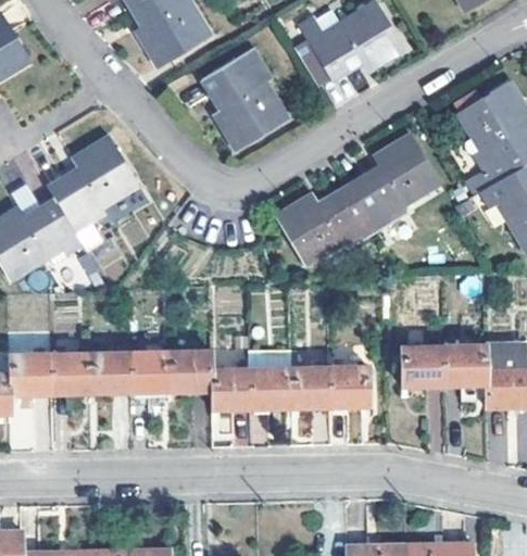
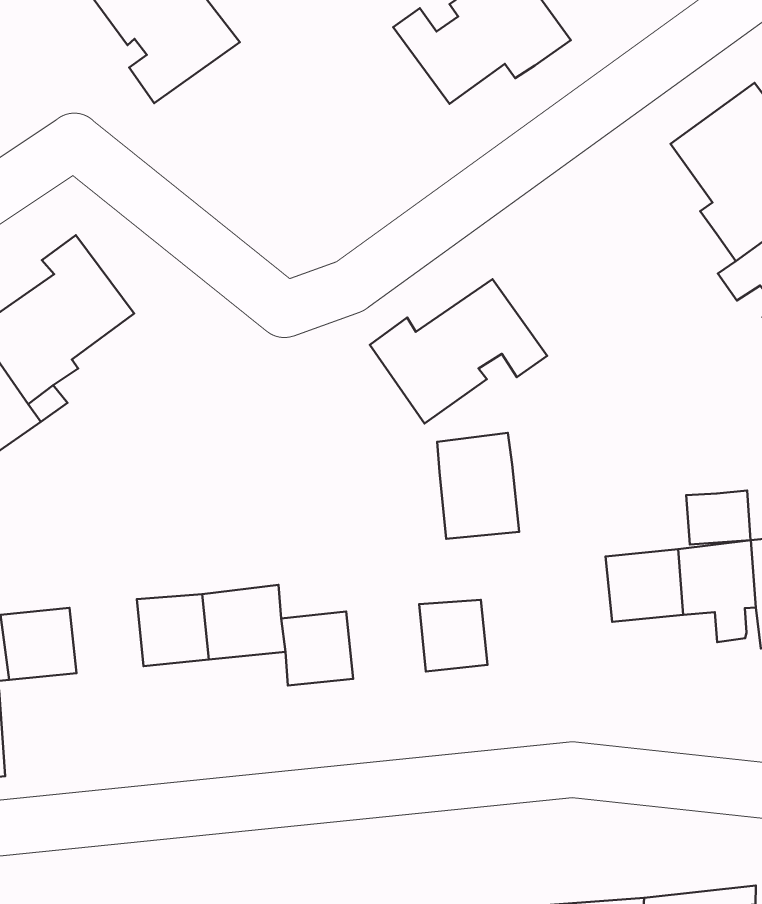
building: [202,47,289,150] -> none
building: [348,131,440,229] -> none
building: none -> [686,491,751,545]
building: [249,349,292,407] -> [437,433,519,539]
building: [89,352,129,392] -> none
building: [327,366,369,405] -> none

